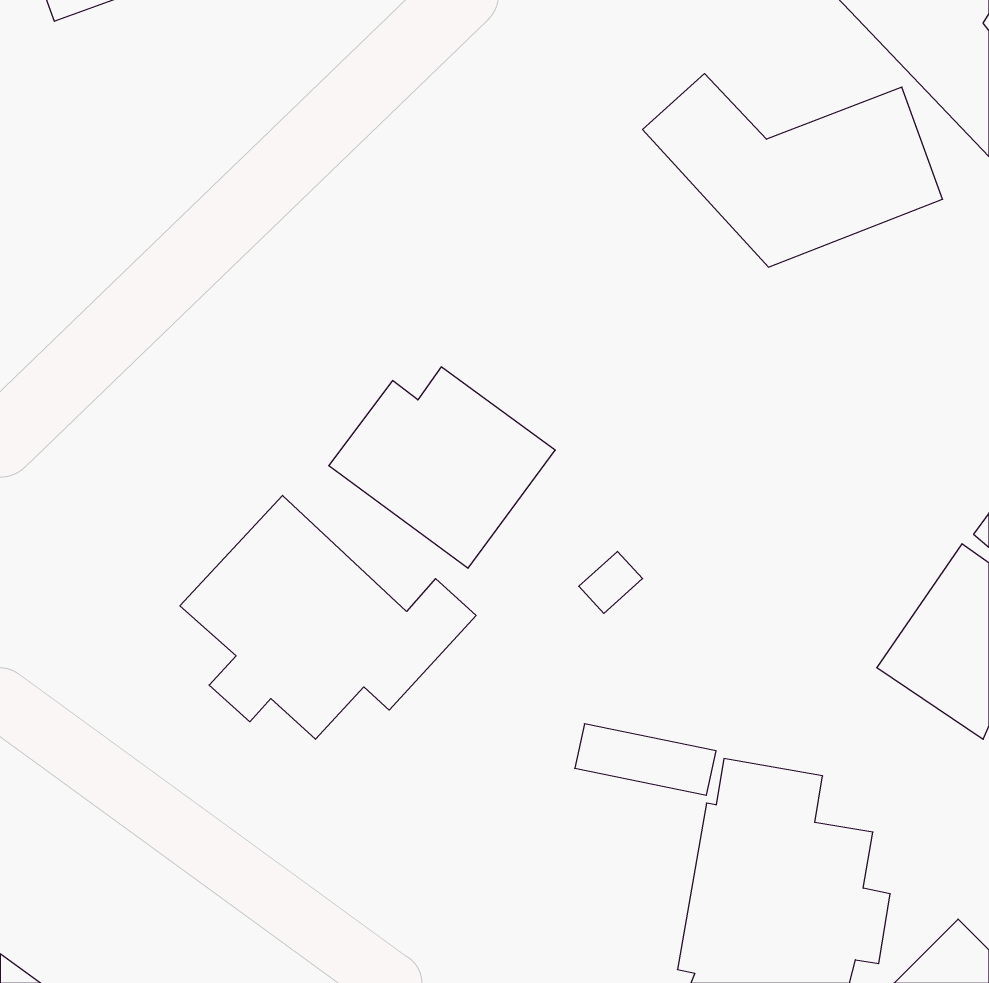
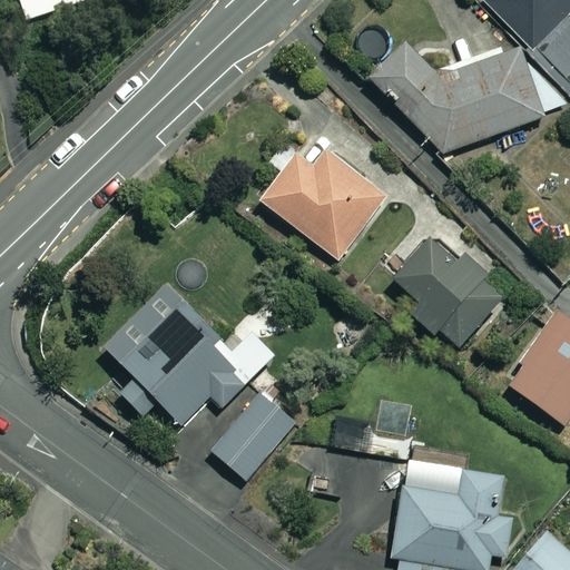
building: [329,367,555,568] -> [259,146,390,262]
building: none -> [392,234,503,347]
building: none -> [210,394,297,482]

